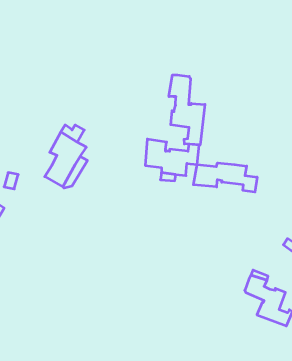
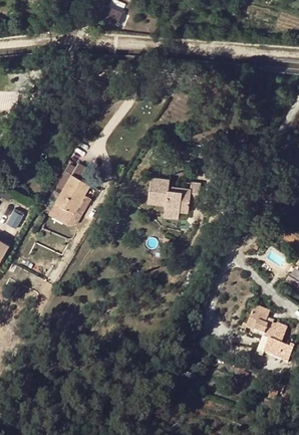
building: [169,75,205,145] -> none
building: [193,163,257,192] -> none

